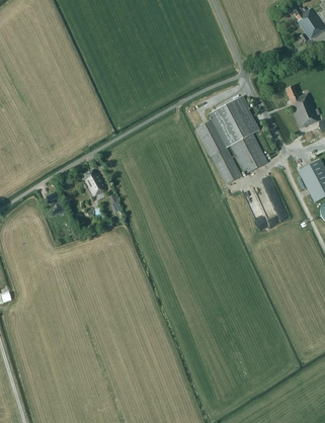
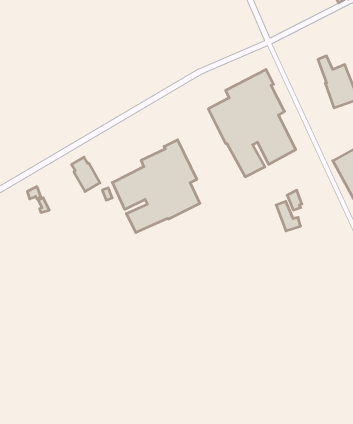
building: none -> [112,140,200,233]

